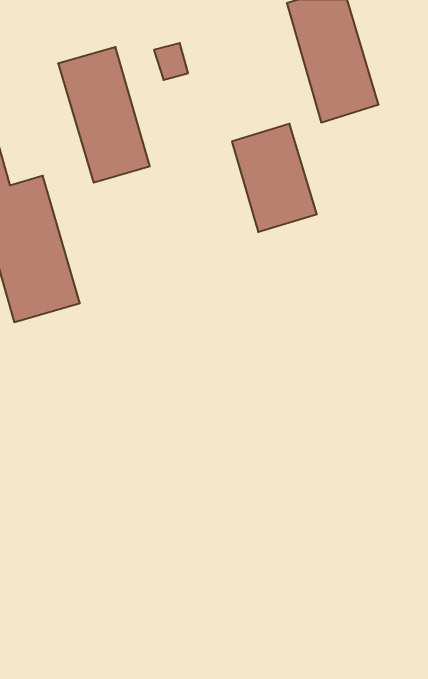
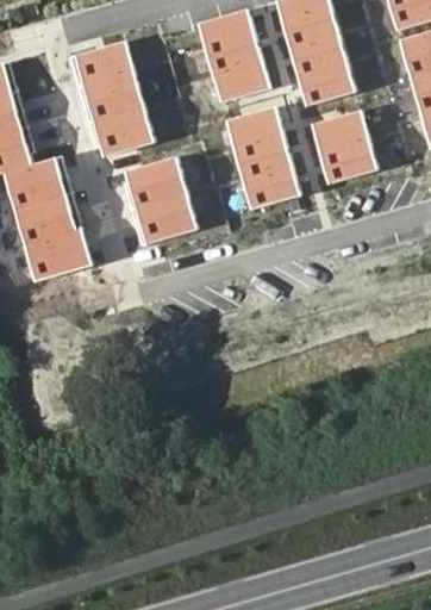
building: none -> [195,10,270,104]
building: none -> [311,111,376,183]
building: none -> [125,155,198,243]

